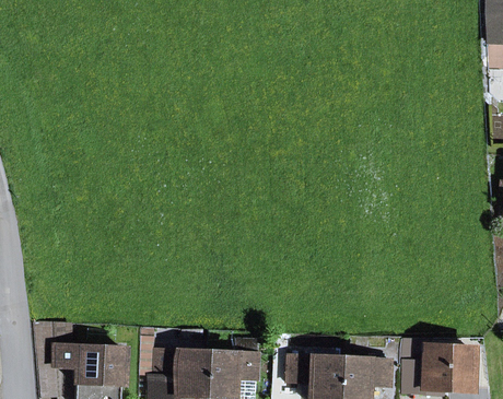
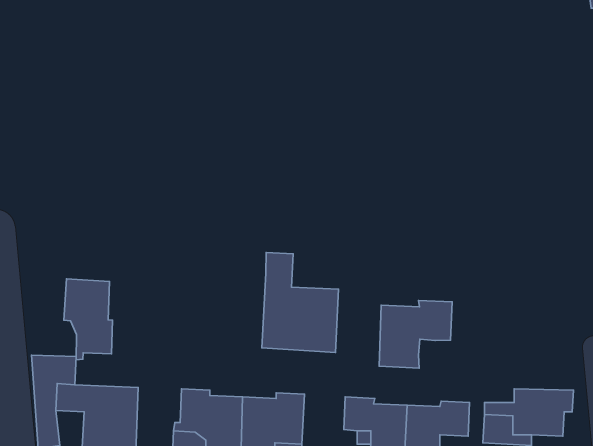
building: none -> [262,253,339,353]
building: none -> [64,279,113,360]
building: none -> [379,300,452,368]

